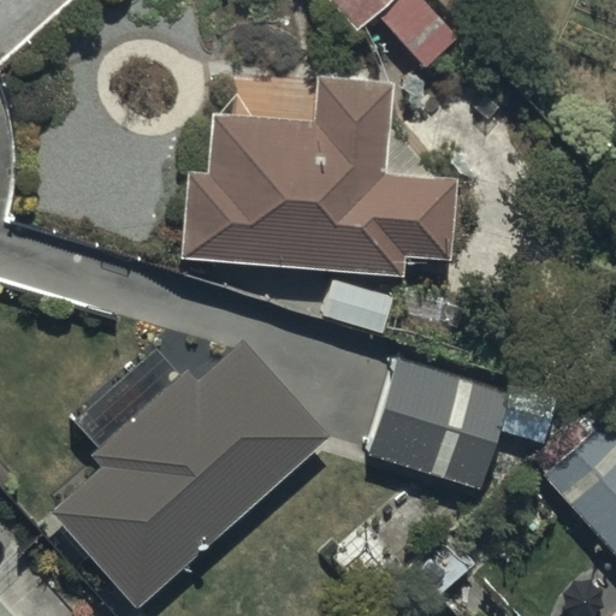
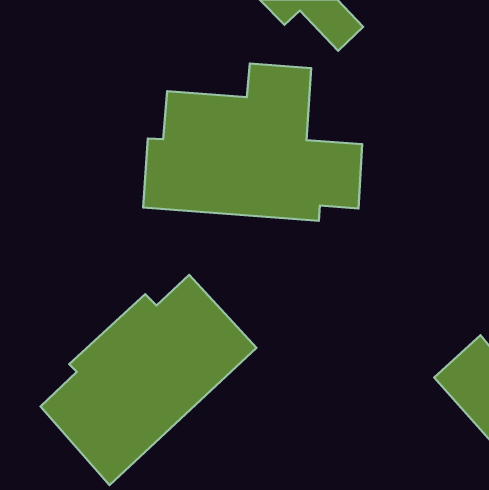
building: [368,356,513,485] -> none

